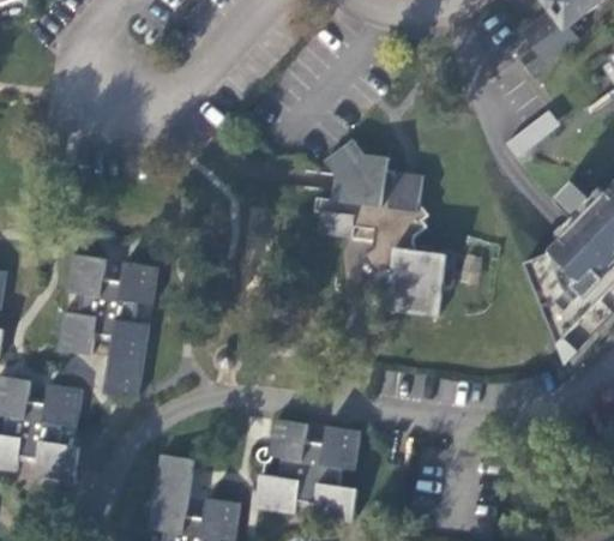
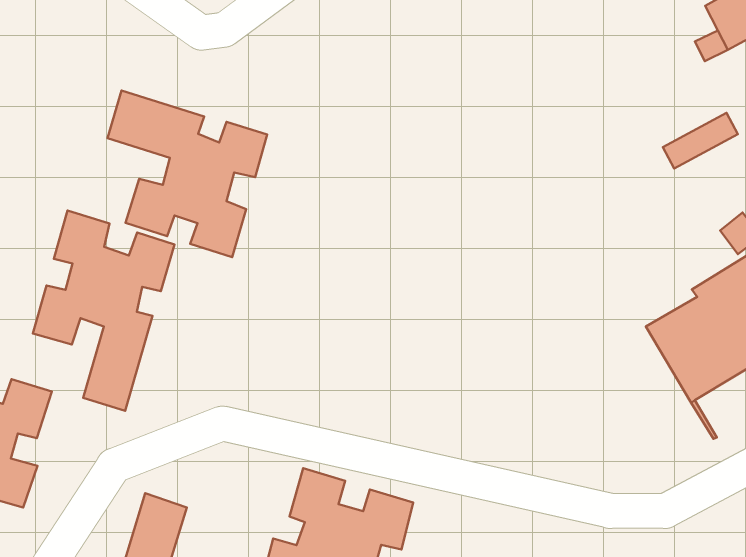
building: [315,139,445,313] -> none
building: none -> [107,90,267,257]

